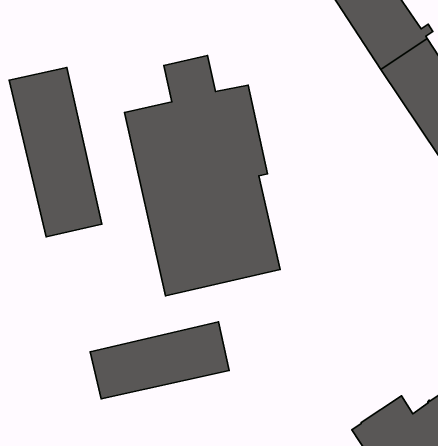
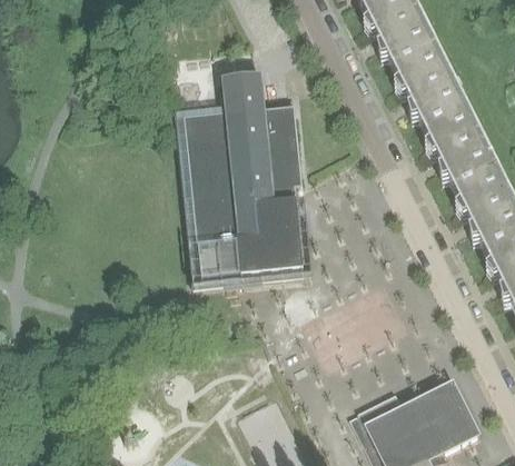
building: [9,68,102,237] -> none
building: [90,322,229,399] -> none

